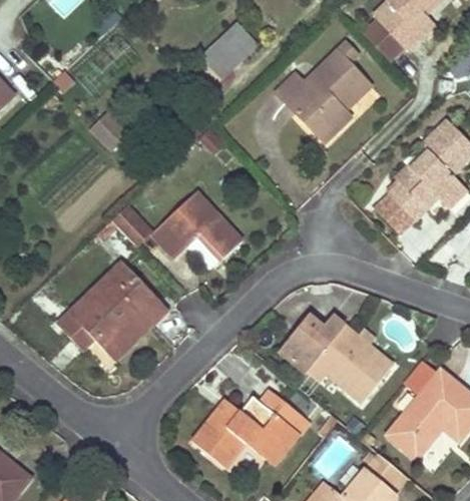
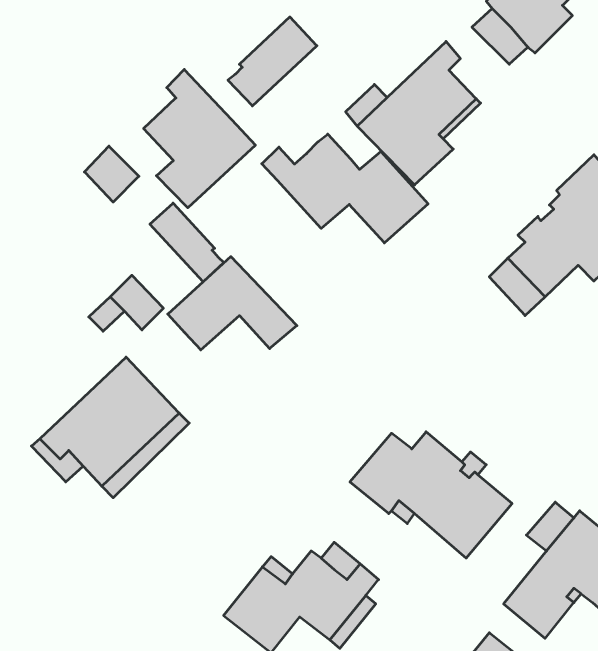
building: none -> [144,69,255,208]
building: none -> [262,134,428,243]
building: none -> [150,203,224,282]

